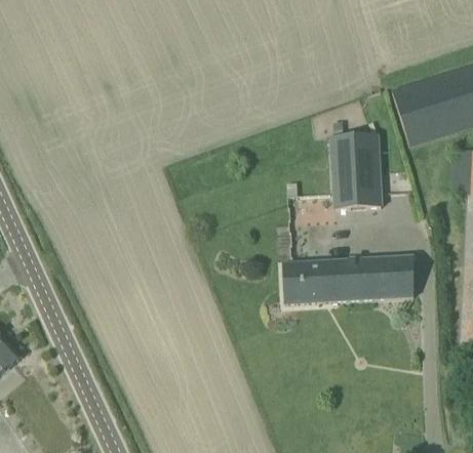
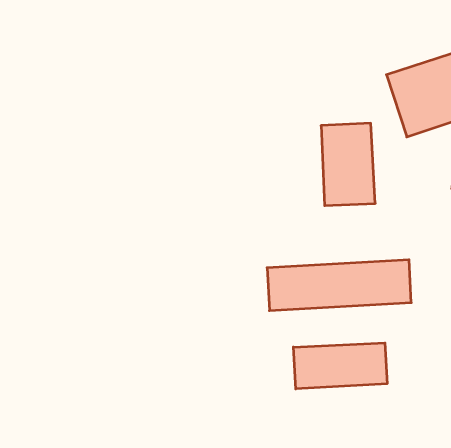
building: none -> [293,343,387,389]

